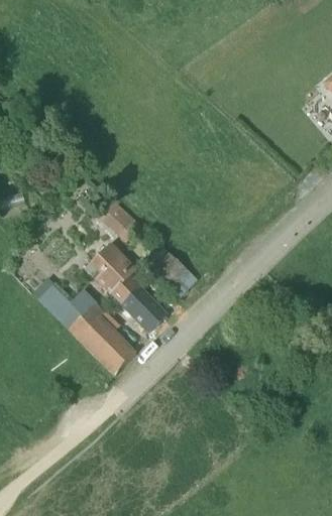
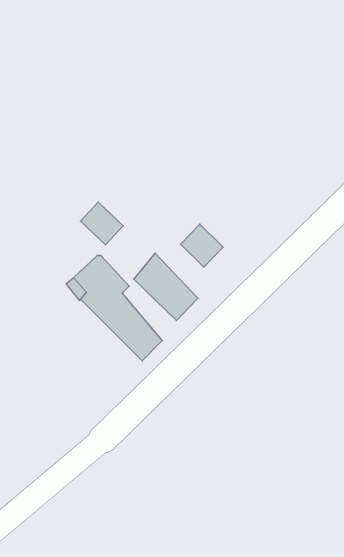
building: none -> [181,224,223,267]
building: [39,284,136,376] -> none

